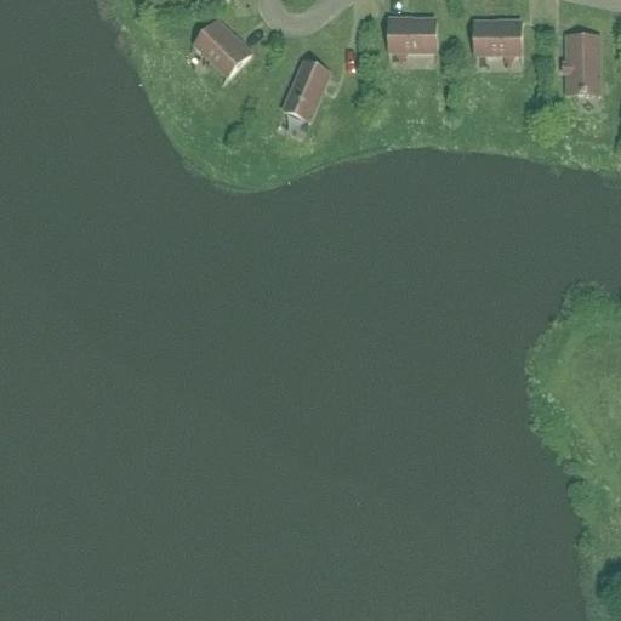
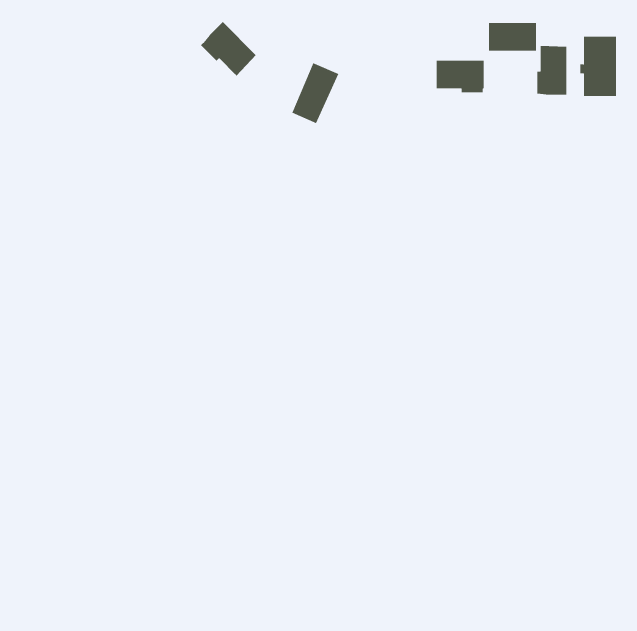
building: [387,19,434,51] -> [436,60,485,93]
building: none -> [537,45,567,96]

